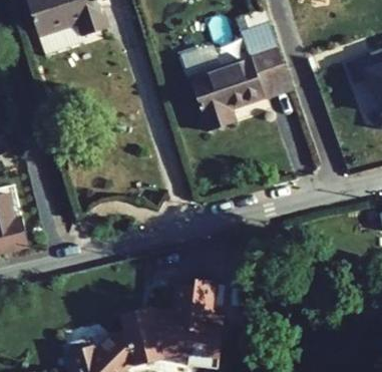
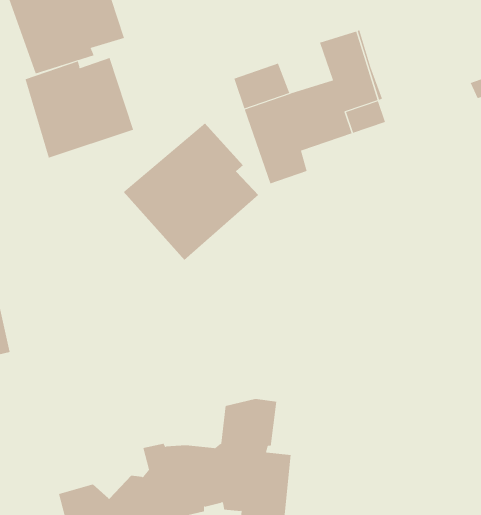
building: none -> [25,57,134,158]
building: none -> [123,122,259,261]

